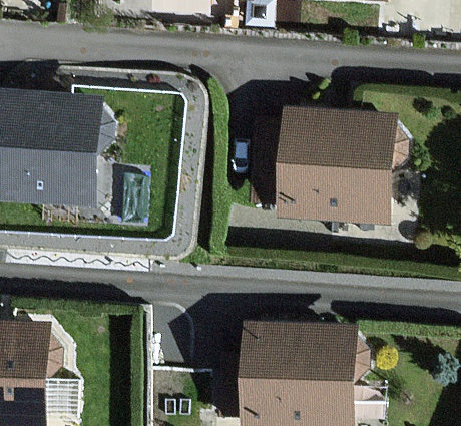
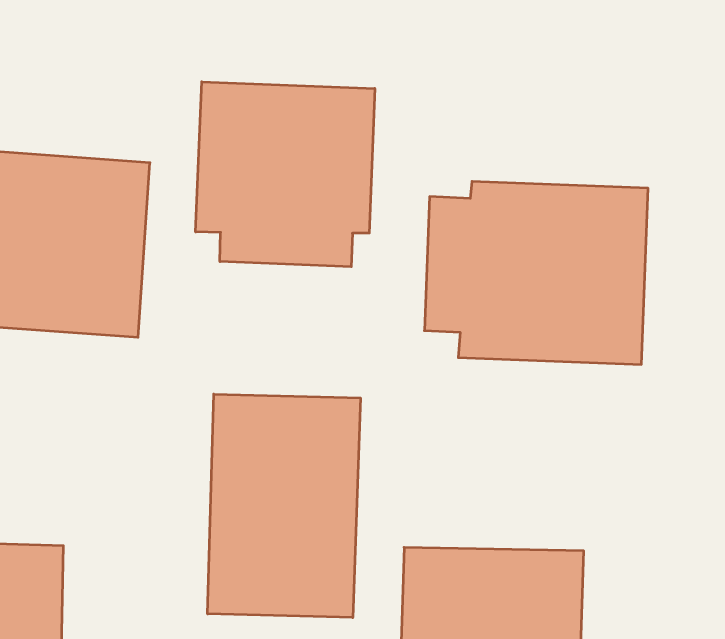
building: none -> [196,82,375,267]
building: none -> [208,394,360,618]

